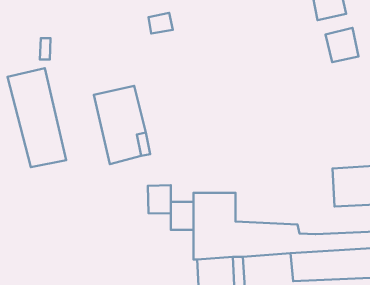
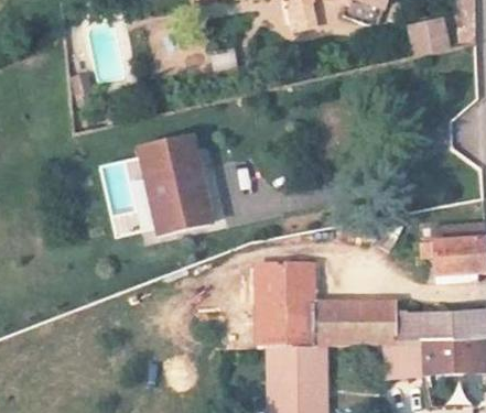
building: [325,28,359,62] -> none
building: [7,68,66,167] -> none
building: [148,185,171,214] -> none

